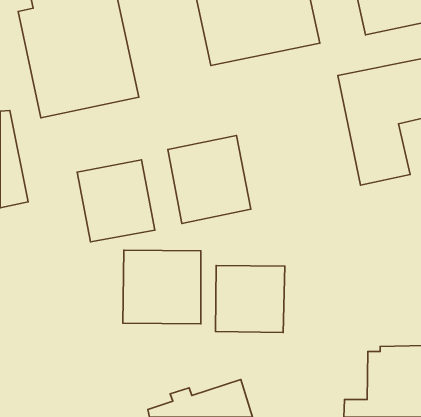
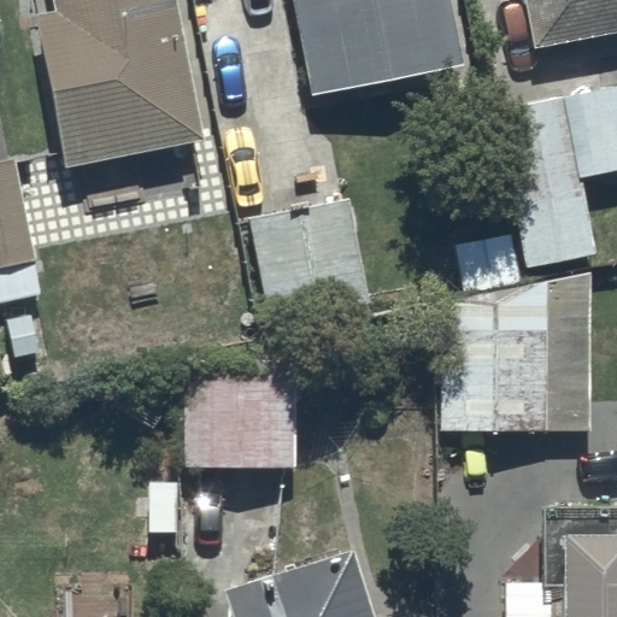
building: [77,160,155,242] -> none
building: none -> [442,268,593,434]
building: [216,265,285,332] -> none

